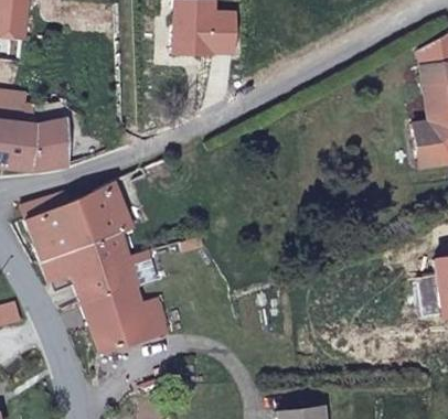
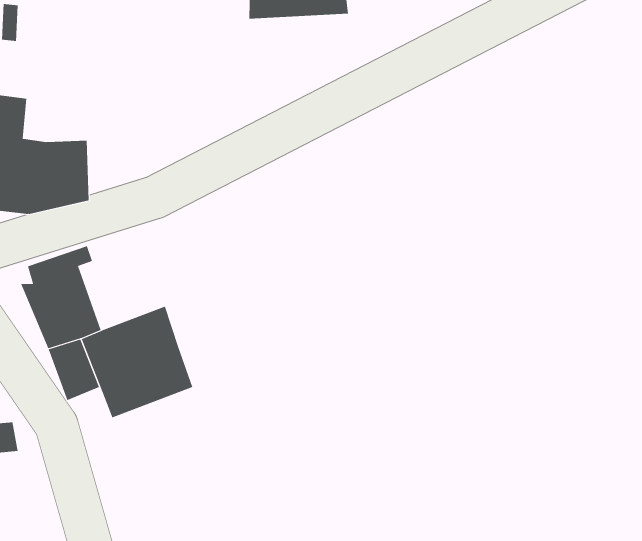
building: [63,182,130,247] -> none
building: [84,283,168,351] -> none

